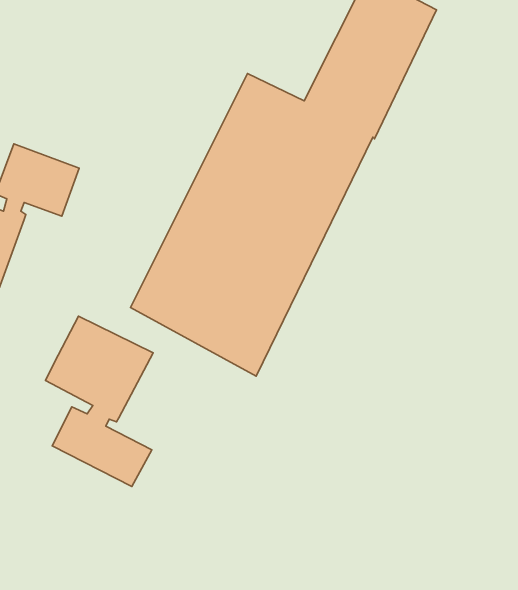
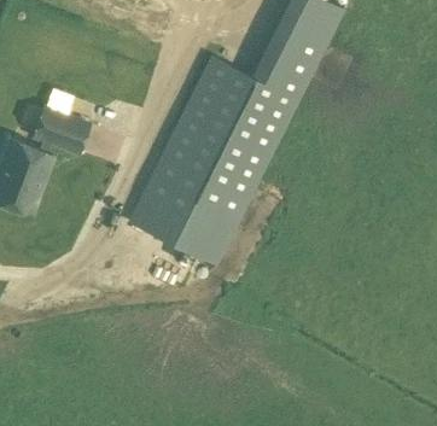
building: [45,316,153,486] -> none

